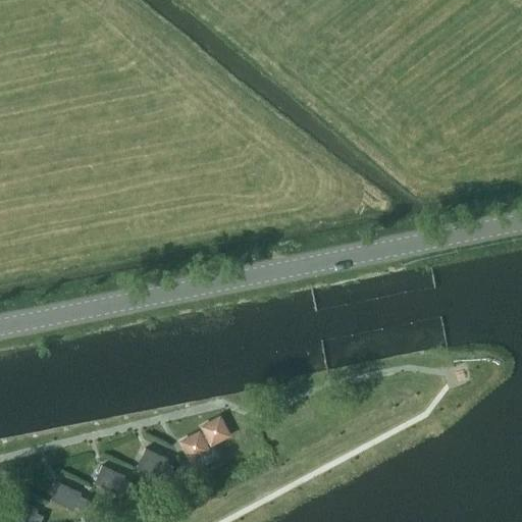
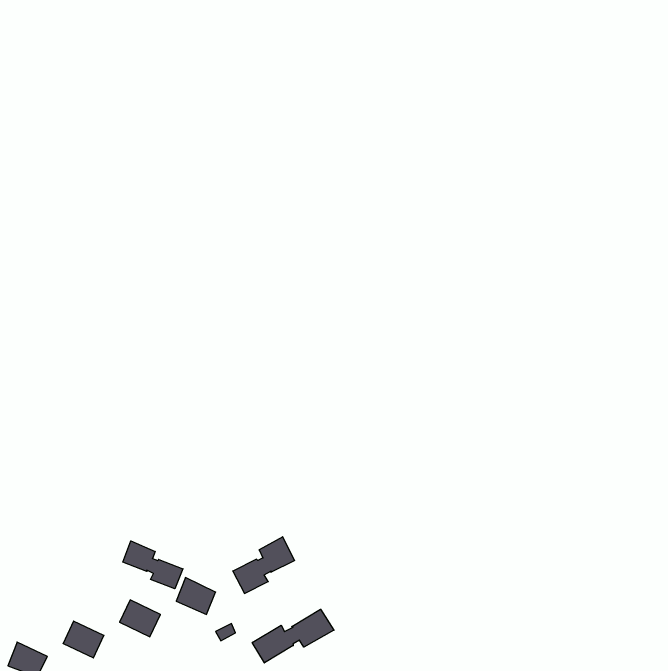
building: none -> [123,541,183,589]
building: none -> [252,609,334,663]

